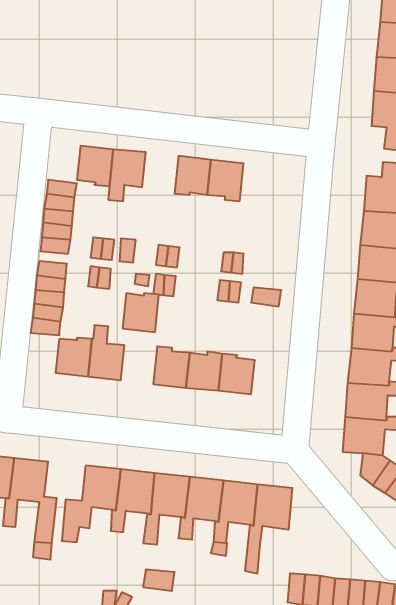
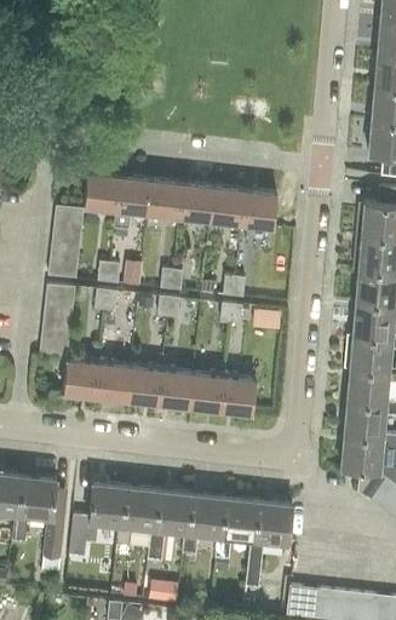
building: none -> [147,180,182,220]
building: none -> [241,191,276,229]
building: [123,293,159,332] -> [126,367,161,404]

